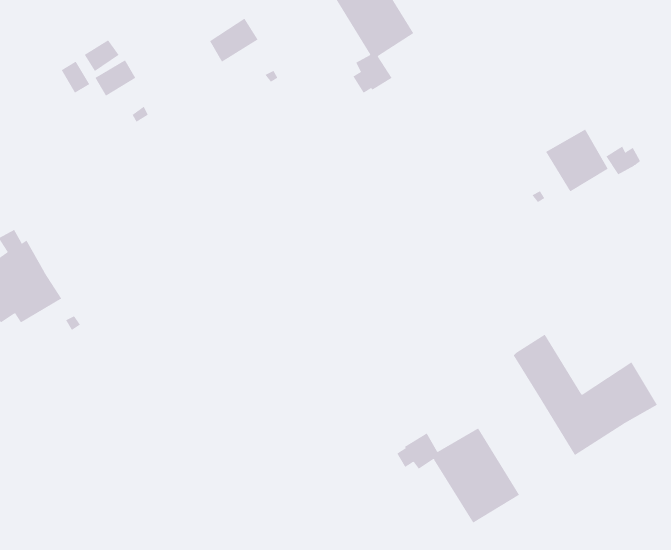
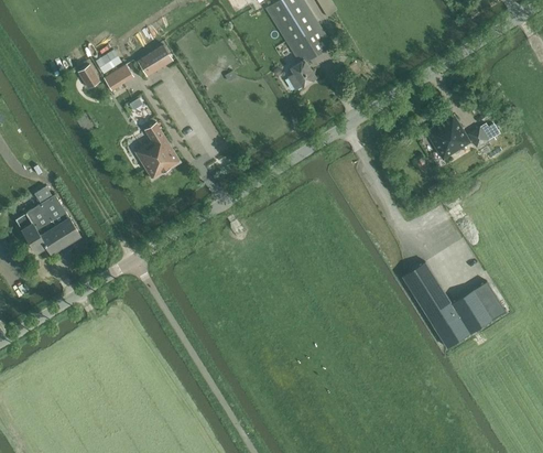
building: [209,18,259,63] -> [138,45,173,77]
building: none -> [135,123,181,179]
building: [396,427,520,523] -> none

